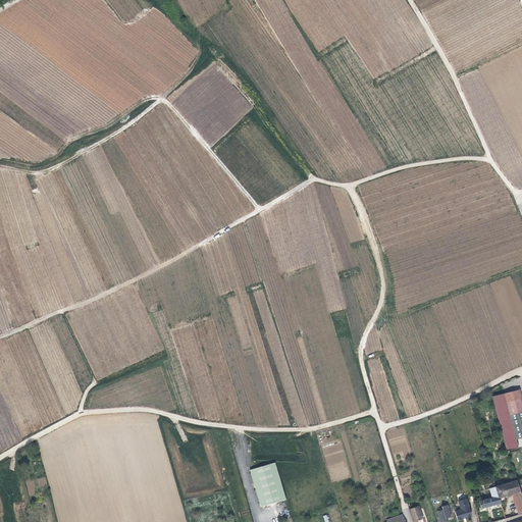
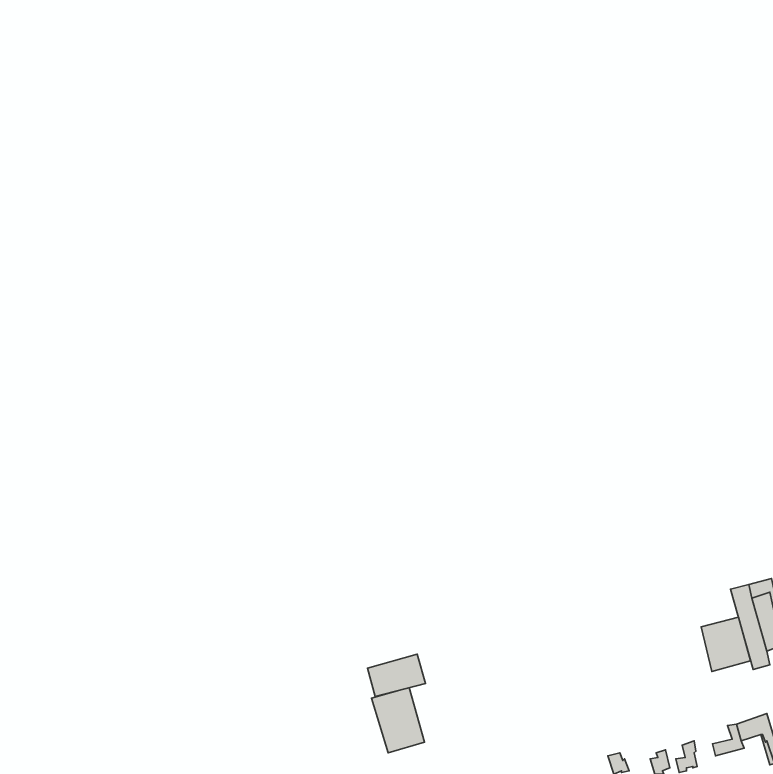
building: none -> [701,617,751,672]
building: none -> [368,654,425,696]

